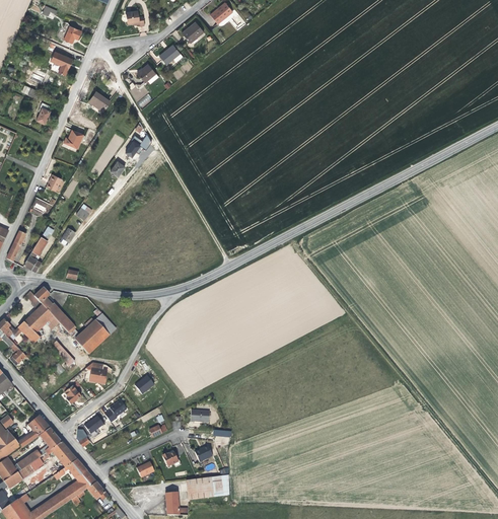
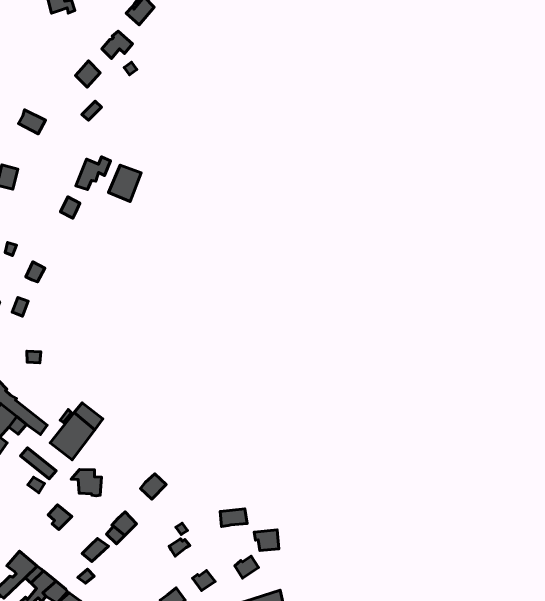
building: none -> [109,165,141,201]

